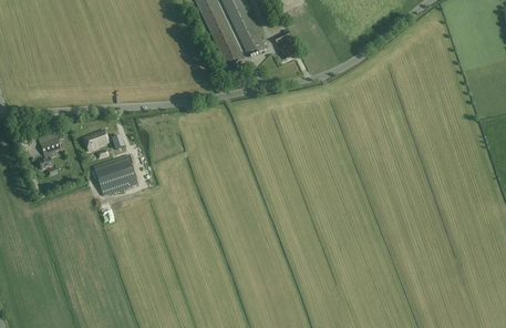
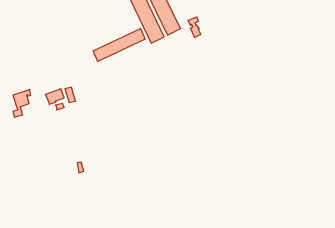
building: none -> [93,28,145,62]
building: [93,153,138,195] -> none

